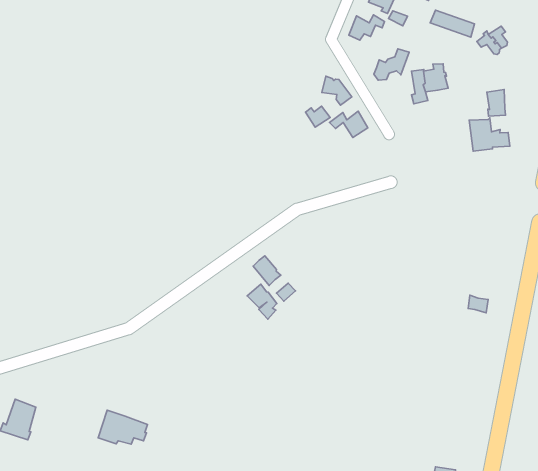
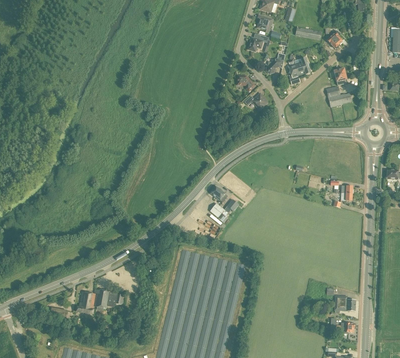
building: [98,410,148,444] -> [95,288,123,307]

